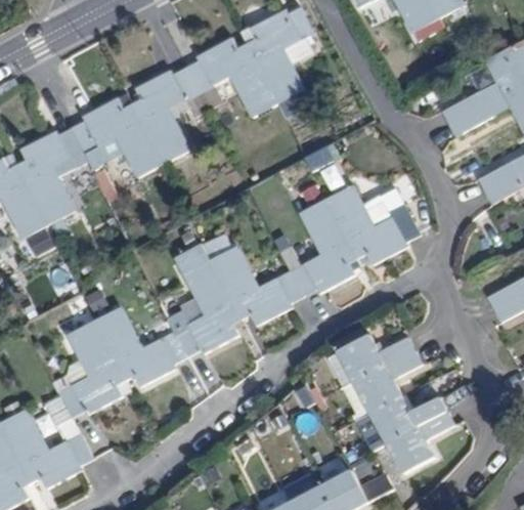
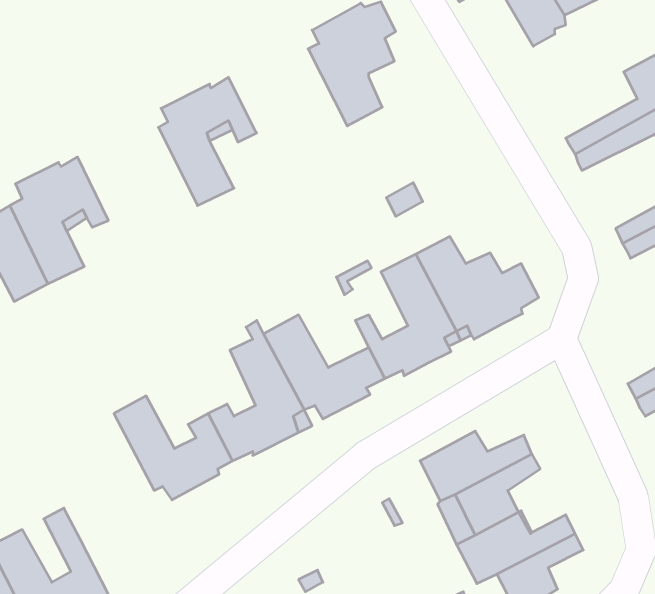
building: [183,38,273,117] -> none
building: [69,93,160,183] -> none
building: [54,321,127,416] -> none

